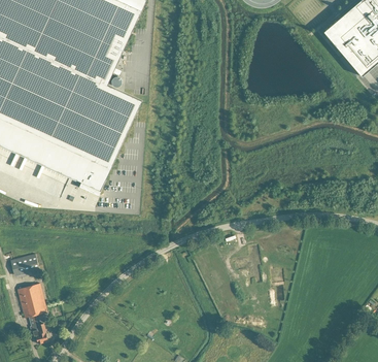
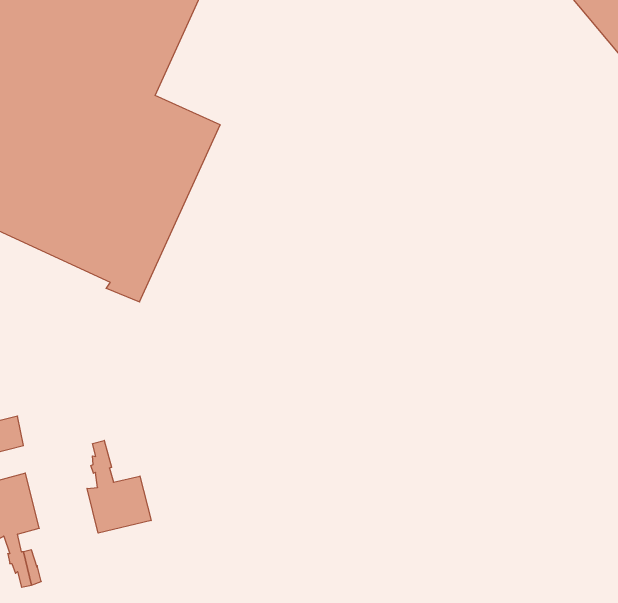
building: none -> [87,440,151,533]

